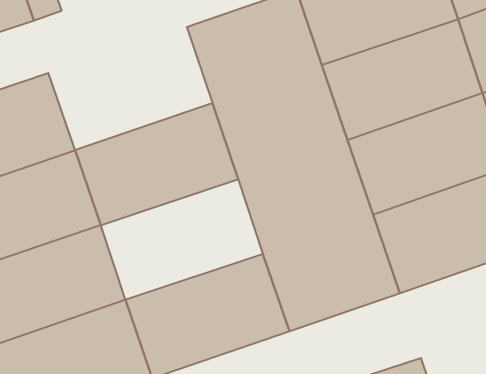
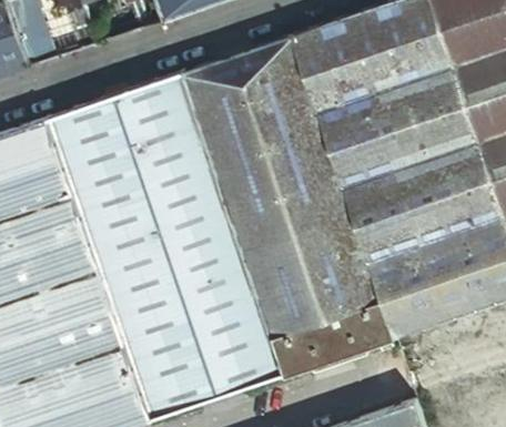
building: none -> [50,71,213,193]
building: none -> [102,222,263,342]

